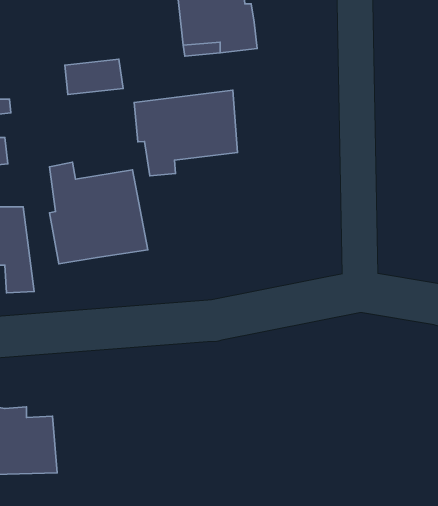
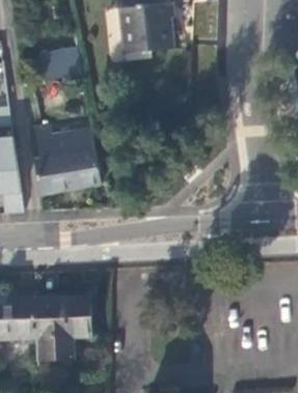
building: [134,90,237,176] -> none
building: none -> [36,293,92,349]

